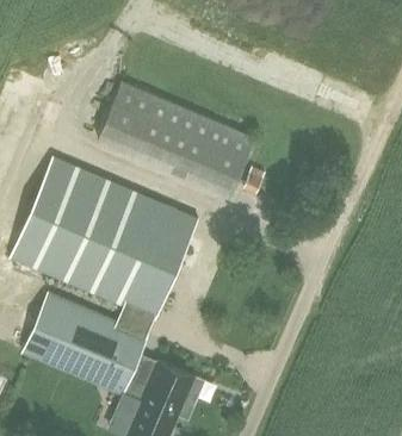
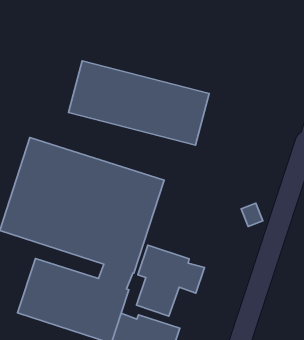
building: none -> [137,245,205,316]

